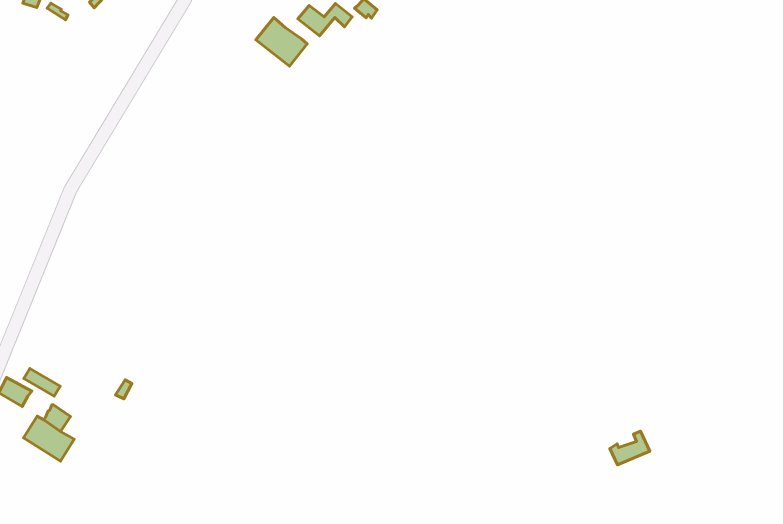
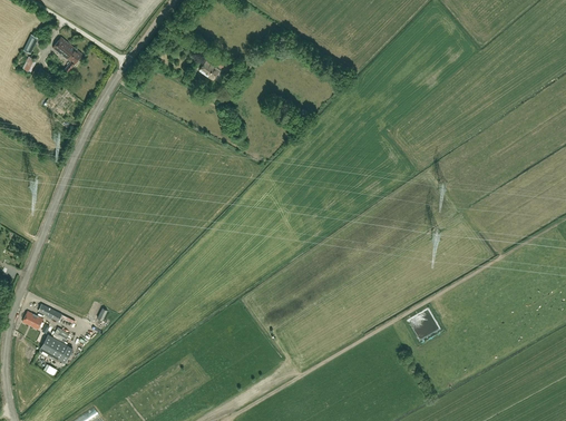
building: [256,17,307,66] -> none

